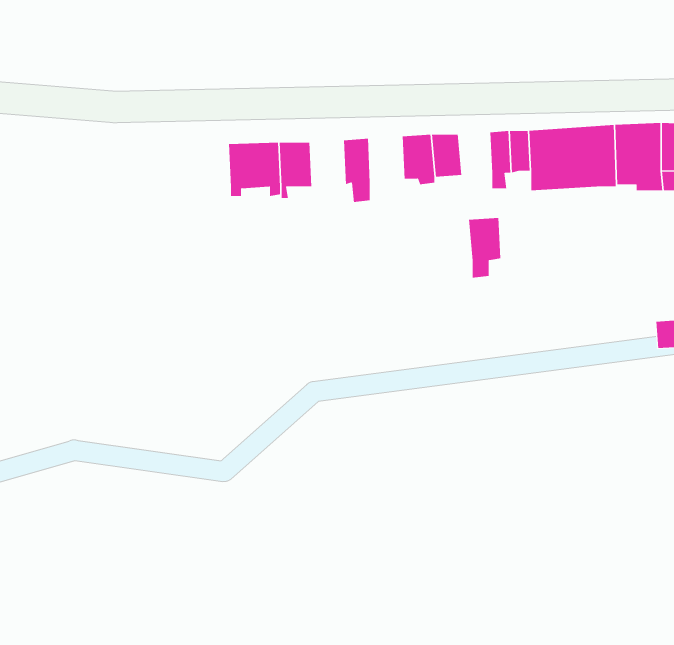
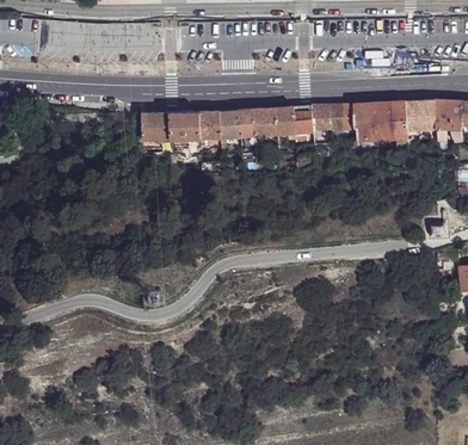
building: none -> [255,109,277,147]
building: none -> [220,111,241,140]
building: none -> [141,113,171,143]
building: [468,218,501,278] -> [310,106,331,143]

